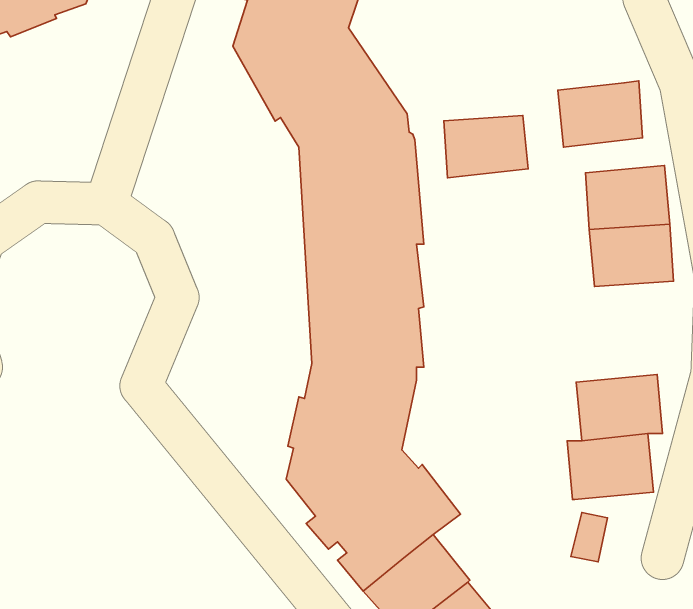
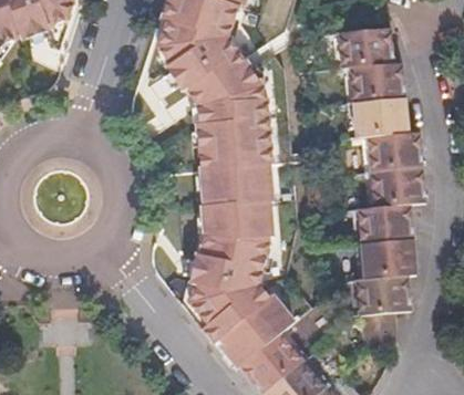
building: [444,115,528,178] -> [341,34,392,72]
building: none -> [361,207,412,247]

